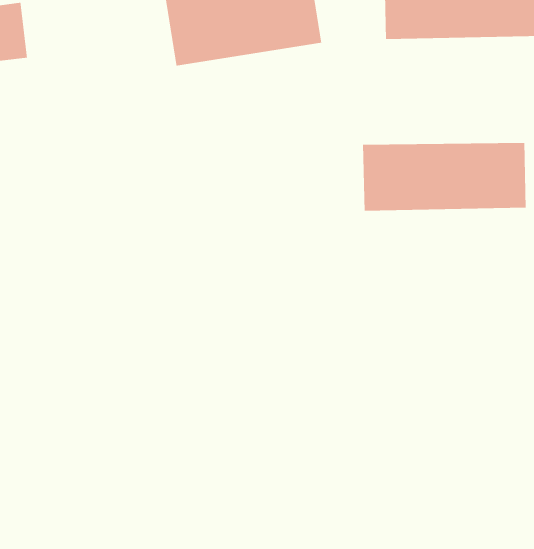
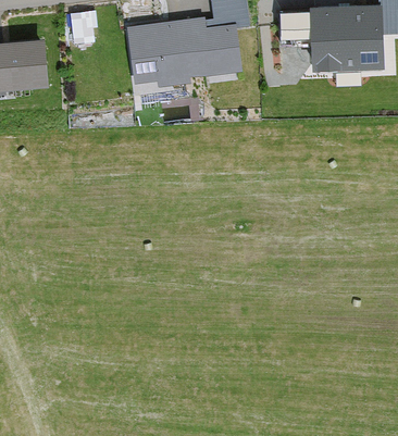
building: [362,142,526,211] -> none

